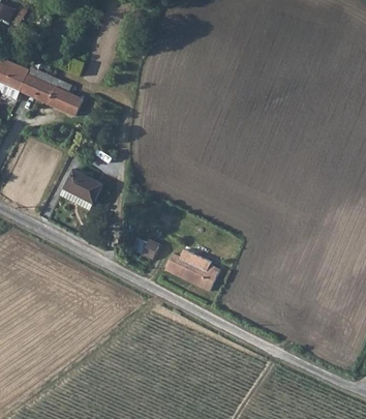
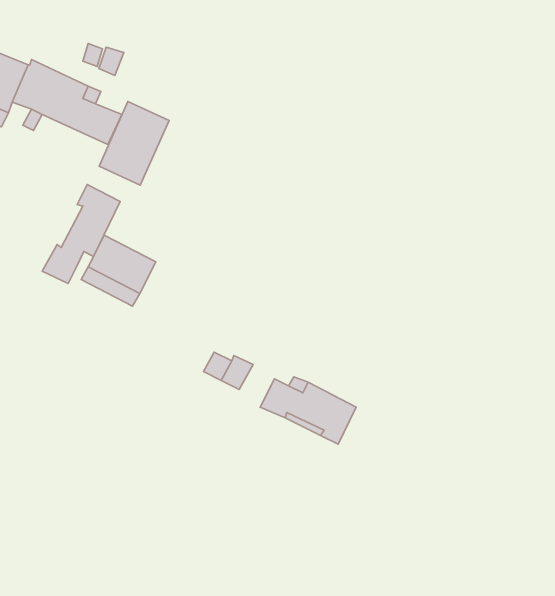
building: none -> [99,102,169,185]
building: none -> [42,184,120,284]

